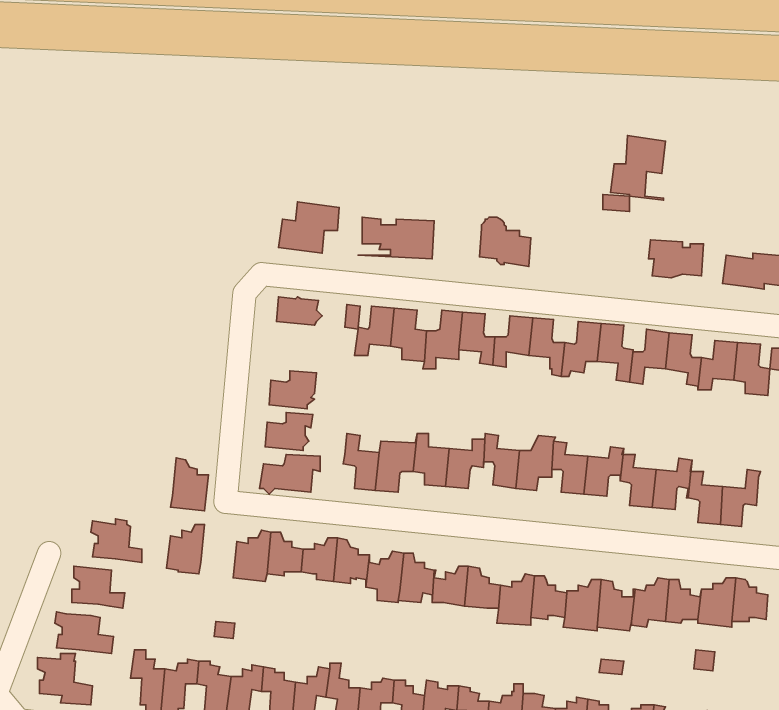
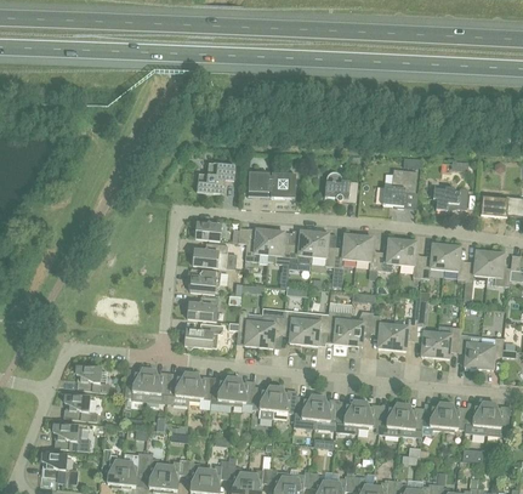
building: [611,136,666,200] -> [381,166,416,208]
building: none -> [192,242,227,266]
building: [170,458,208,511] -> [144,367,169,401]

